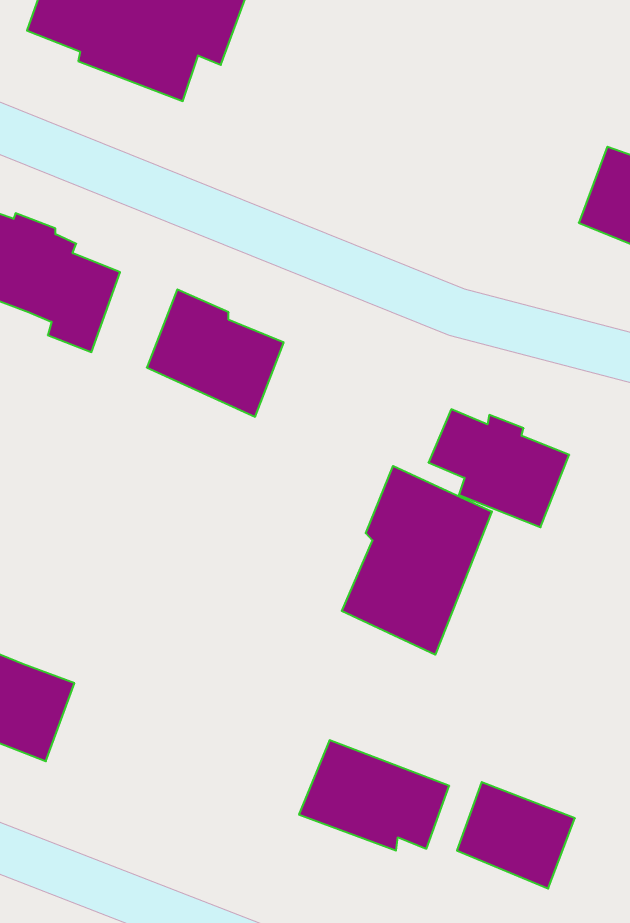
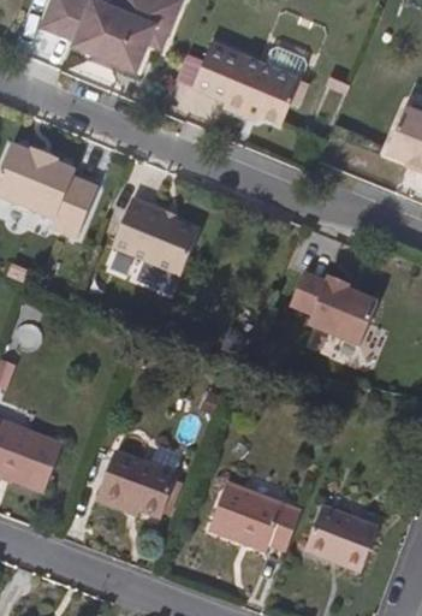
building: none -> [189,45,298,128]
building: [342,466,492,655] -> none
building: none -> [100,451,178,516]

